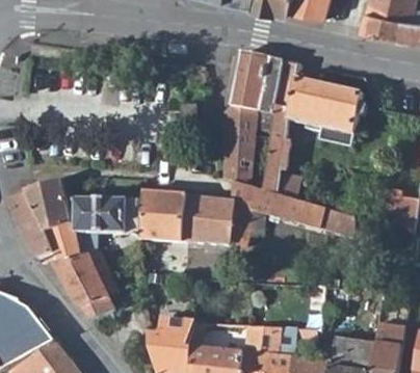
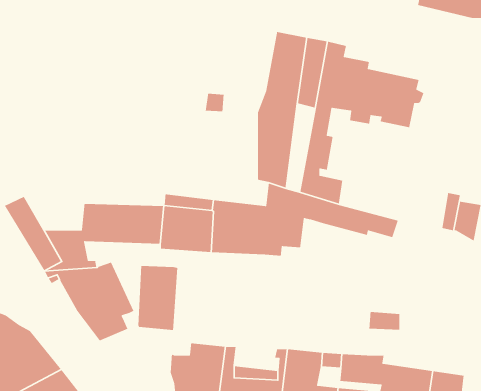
building: [23,181,72,221] -> none
building: none -> [138,265,178,331]

